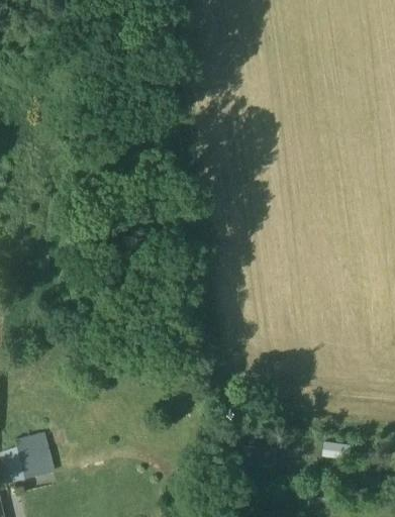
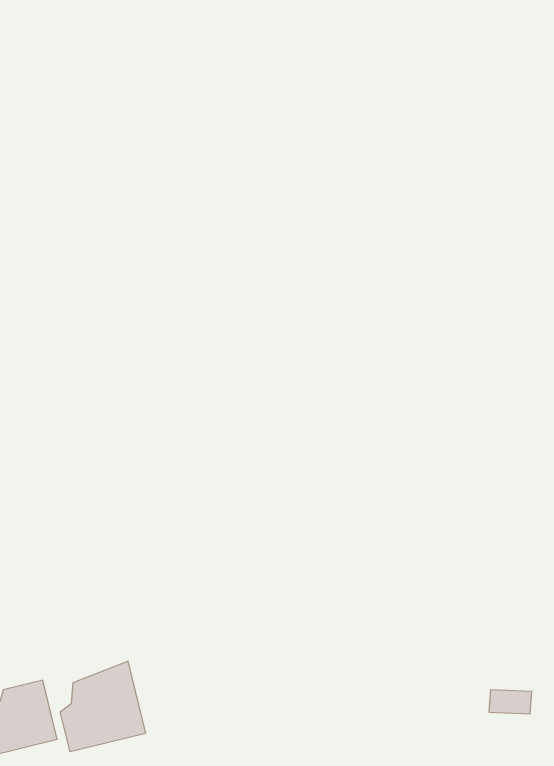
building: none -> [60,661,145,752]

